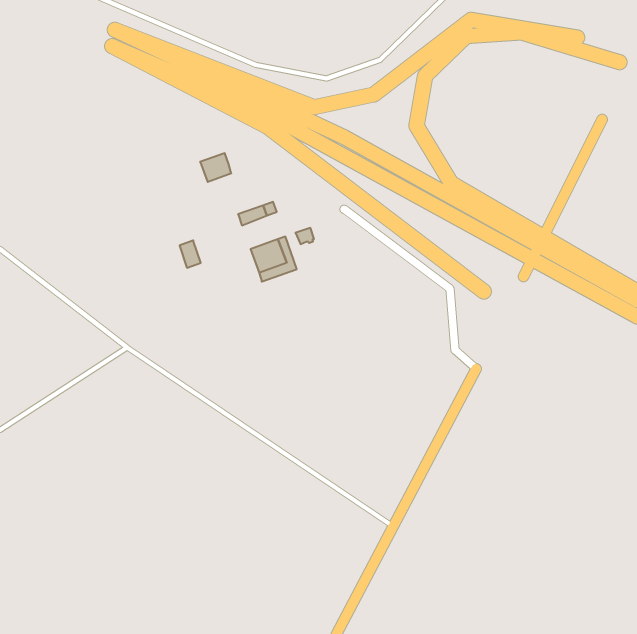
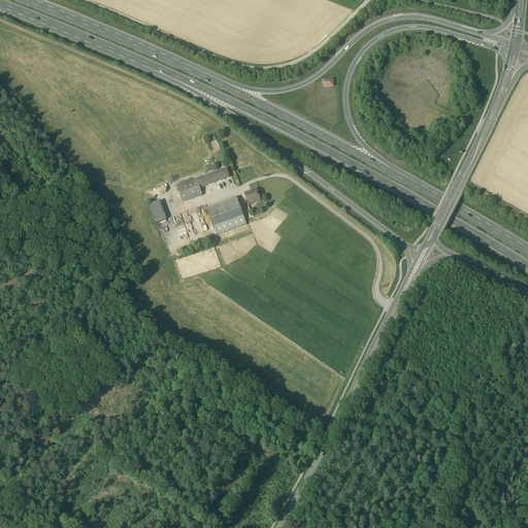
building: [200,153,231,182] -> [176,177,202,201]

